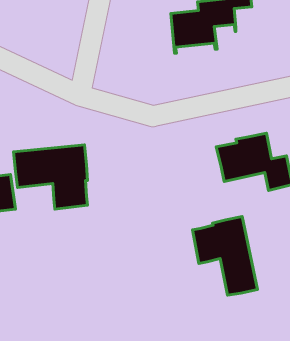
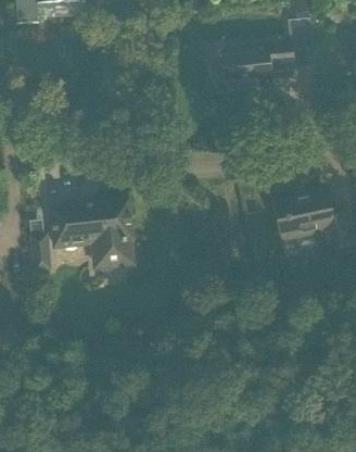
building: [193,216,257,295] -> none

